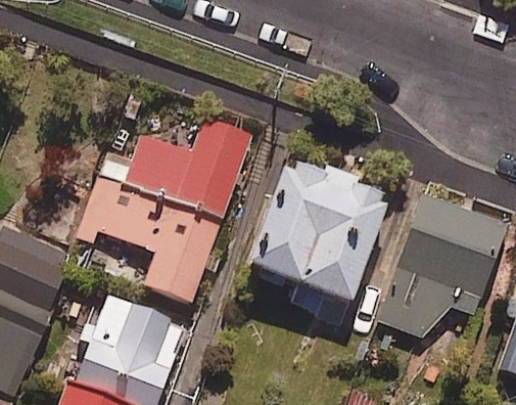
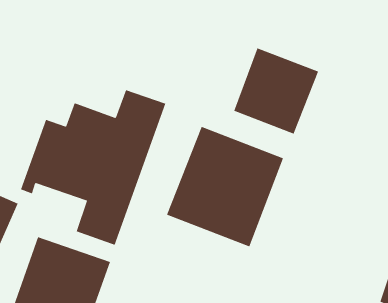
building: none -> [234,48,319,135]
building: [378,200,504,336] -> none

